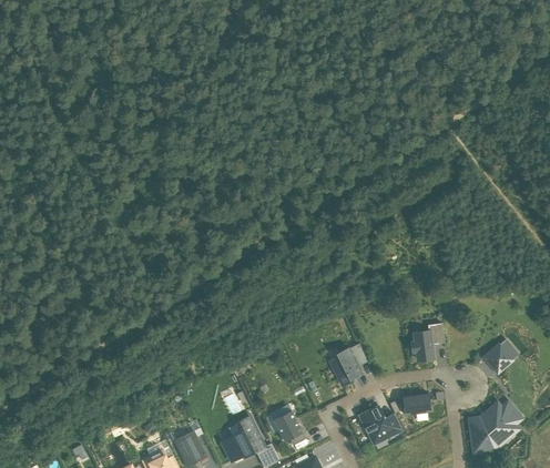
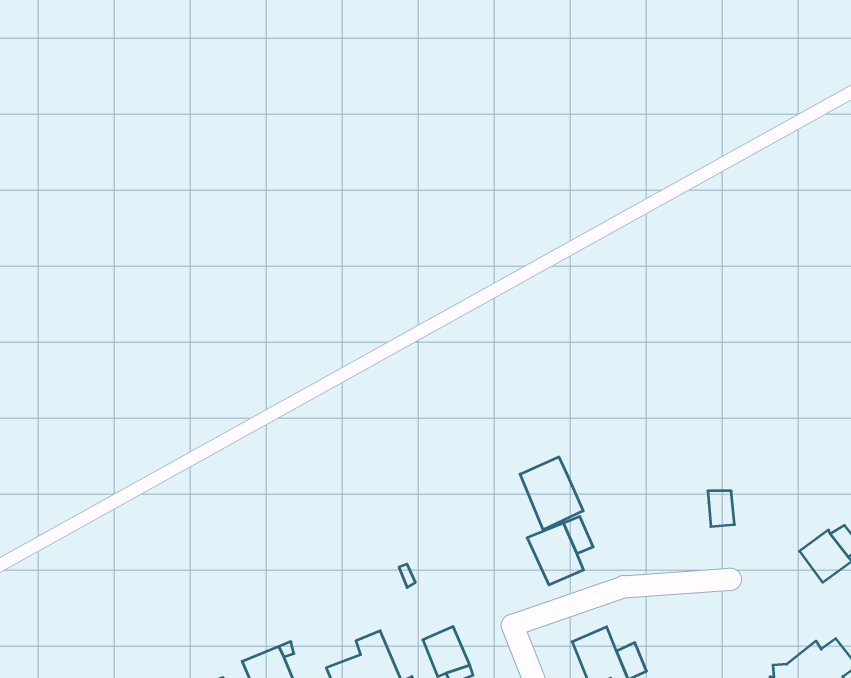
building: none -> [520,457,583,530]
building: [410,332,432,360] -> none
building: [401,394,430,415] -> none

